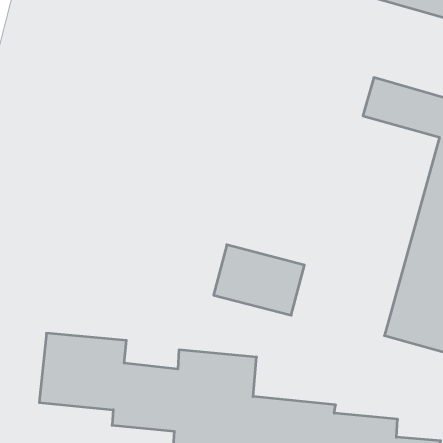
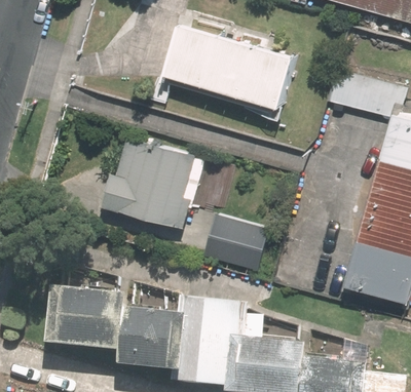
building: none -> [164,17,303,112]
building: none -> [107,134,204,228]

